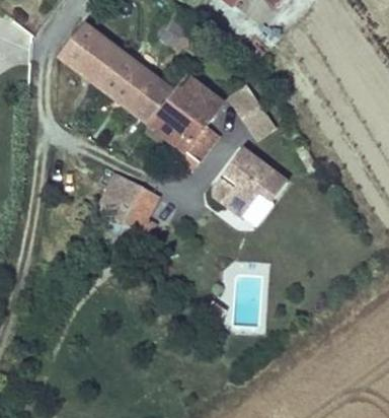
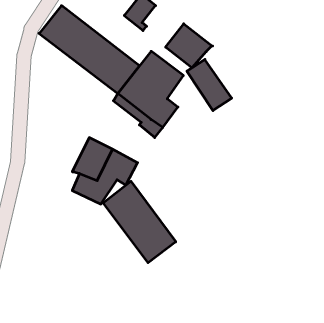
building: none -> [166,24,213,68]
building: [214,146,288,215] -> none
building: none -> [103,181,176,263]

